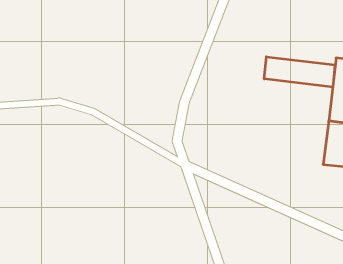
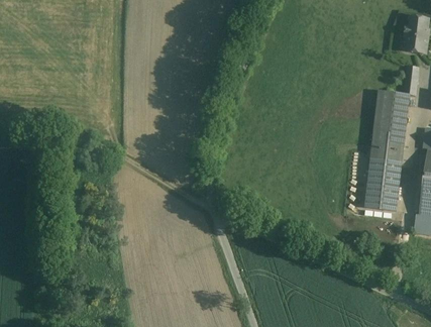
building: [264,57,335,87] -> none

